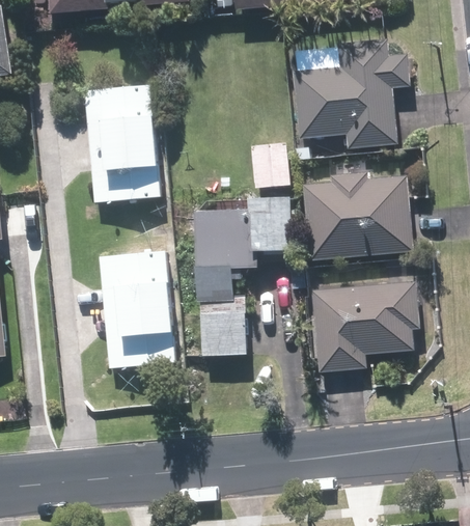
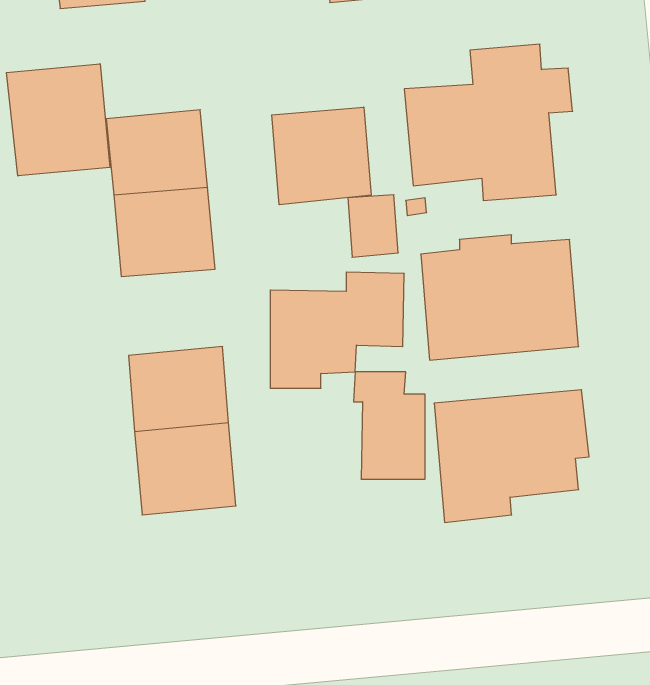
building: none -> [6,64,110,176]
building: none -> [272,107,371,205]
building: [196,278,246,353] -> [354,372,425,479]

